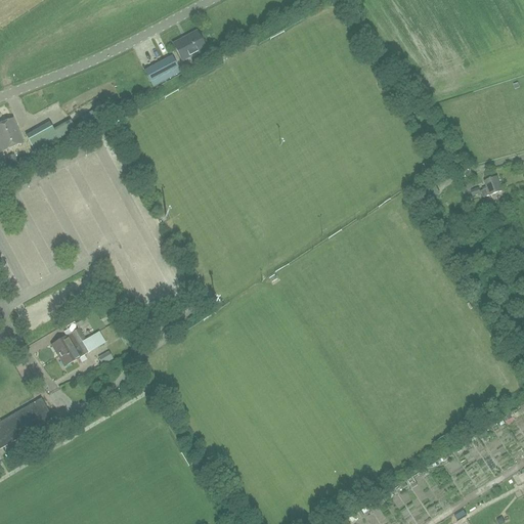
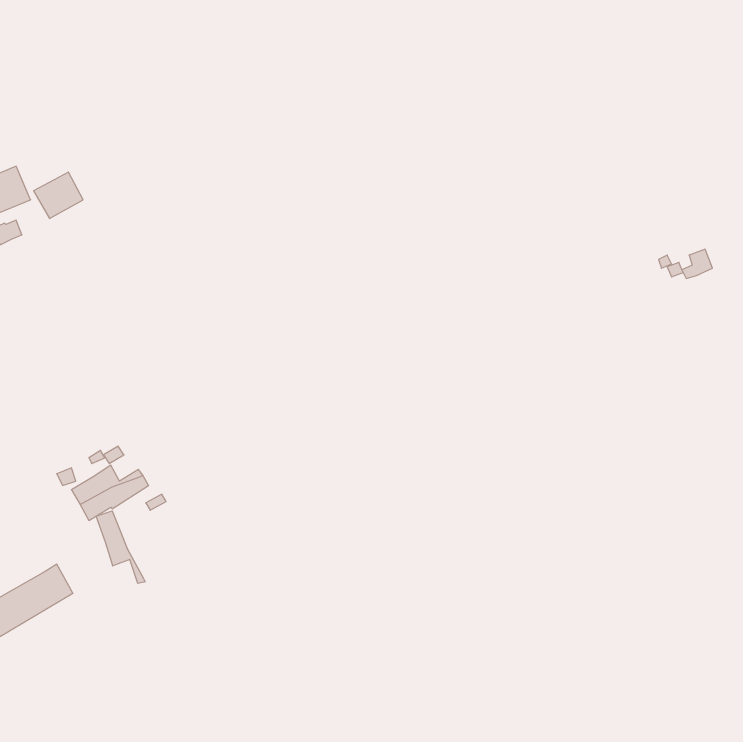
building: [172,30,205,59] -> none
building: [143,55,179,85] -> none
building: none -> [96,511,145,583]

